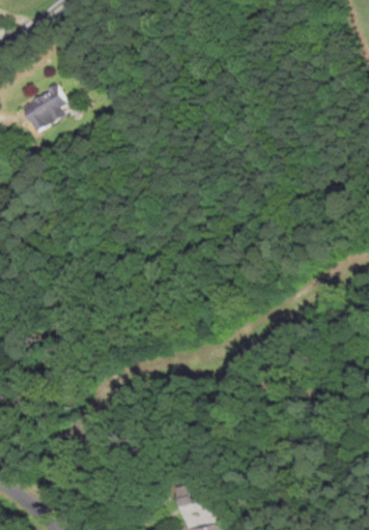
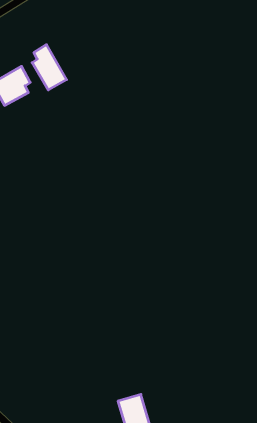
building: none -> [32,45,67,90]

